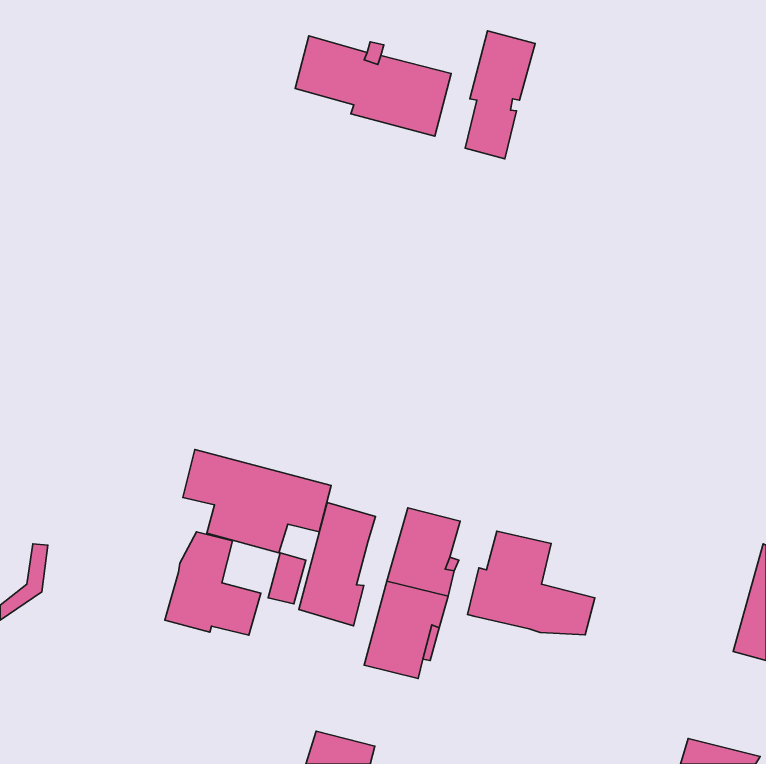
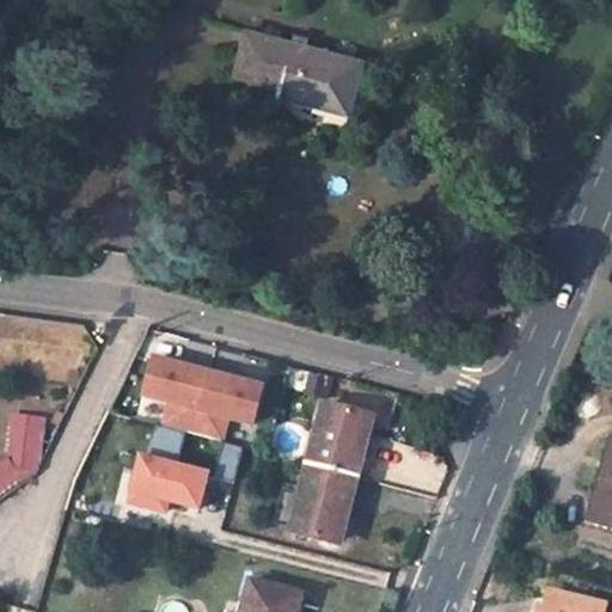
building: [465,31,535,159] -> none
building: [299,502,375,626] -> none
building: [467,531,595,635] -> none

